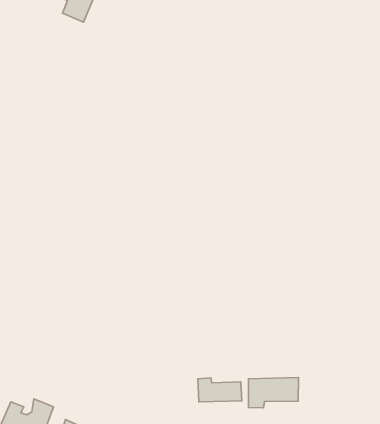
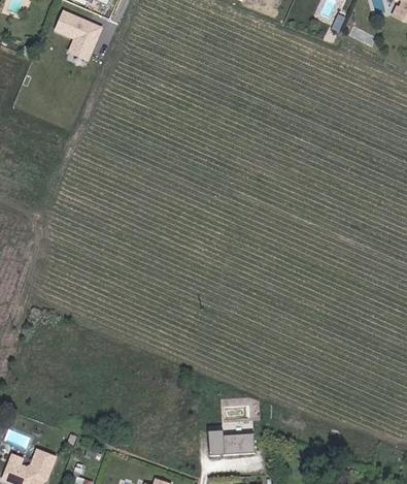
building: [248,378,298,408] -> none

